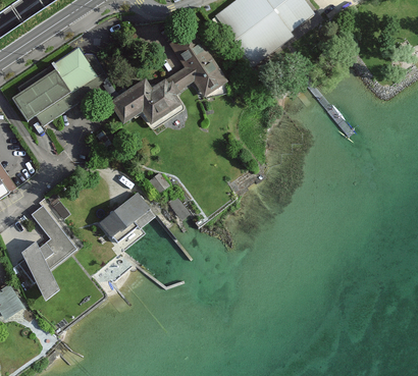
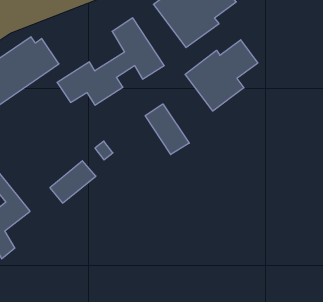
building: none -> [185,40,258,111]
building: none -> [145,104,189,155]

